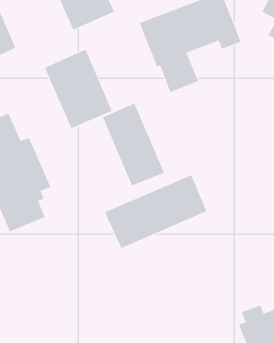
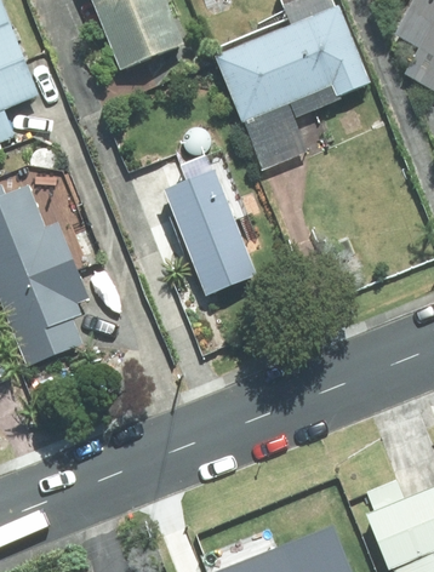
building: [44,49,113,129] -> none
building: [104,174,207,249] -> none

